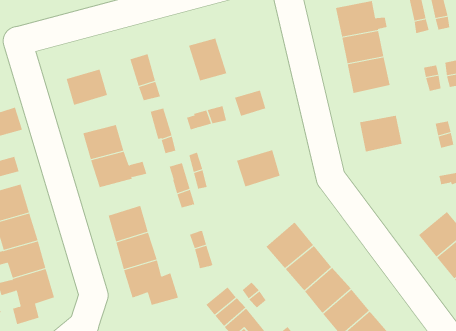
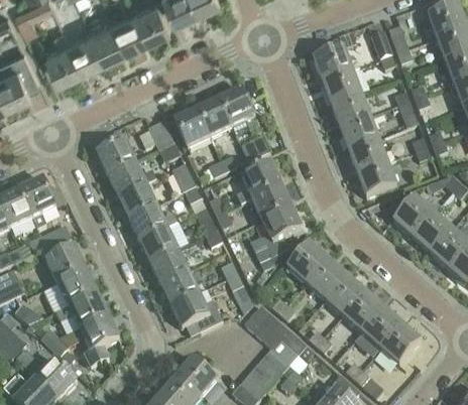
building: none -> [217,88,257,129]
building: none -> [173,109,209,147]
building: none -> [339,115,378,150]
building: none -> [107,161,156,196]
building: none -> [235,163,279,202]
building: none -> [357,162,395,196]
building: none -> [250,206,301,269]
building: none -> [139,228,177,262]
building: none -> [393,196,434,237]

